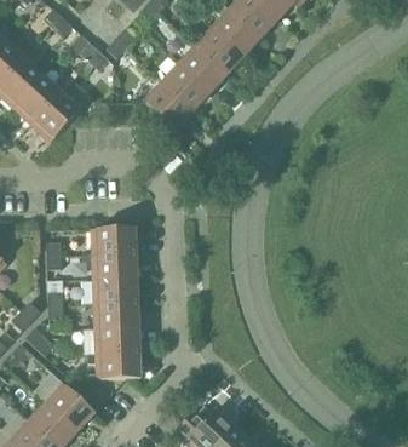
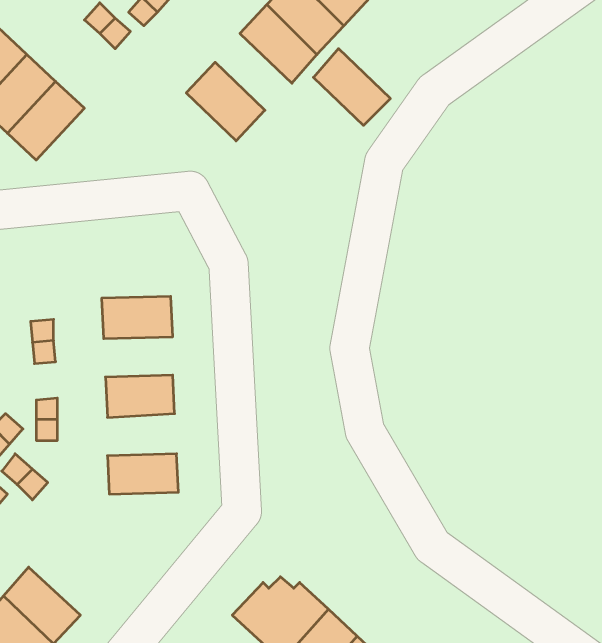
building: [161,62,209,110] -> [313,49,390,125]
building: [91,253,134,279] -> none
building: [93,302,137,328] -> none
building: [94,351,138,378] -> none
building: [44,380,93,429] -> none

